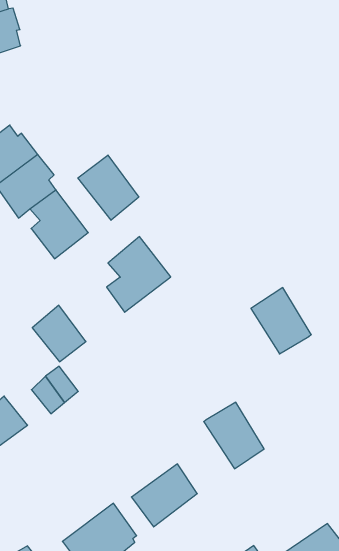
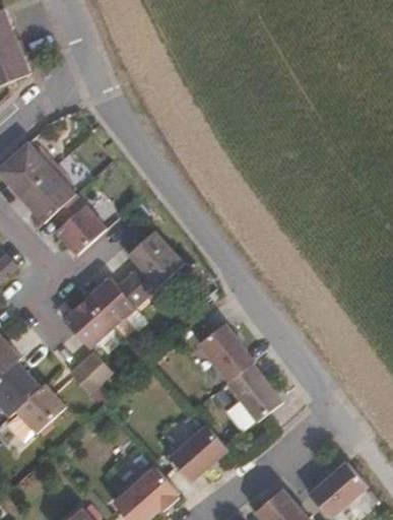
building: [78,155,139,220] -> none
building: none -> [86,275,145,326]
building: [251,288,311,354] -> [198,325,254,384]

